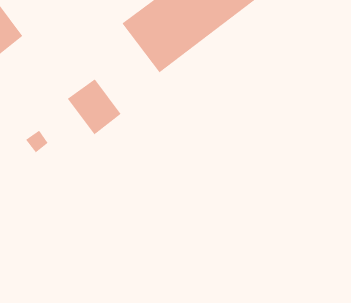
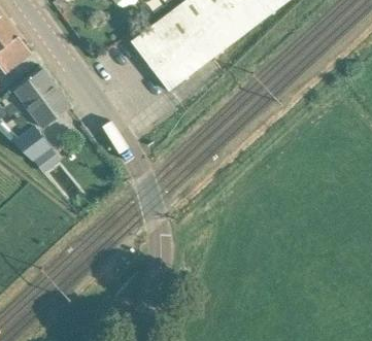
building: [67,78,121,135] -> [14,70,70,128]
building: none -> [13,126,50,161]

